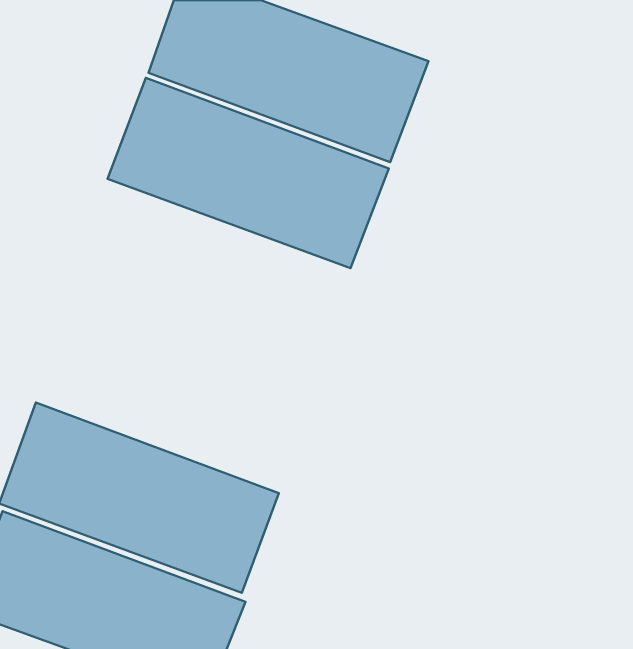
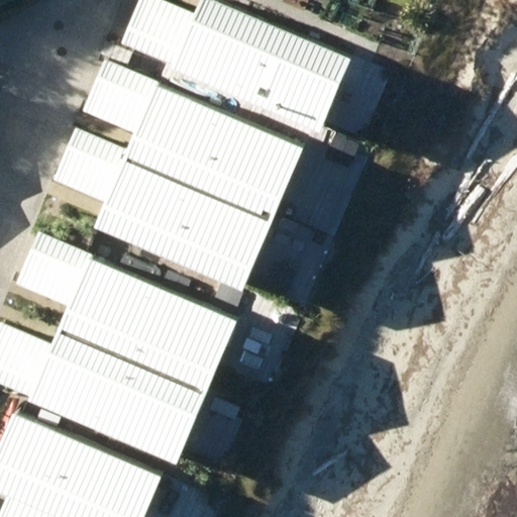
building: none -> [53,149,274,301]
building: none -> [31,239,252,390]

